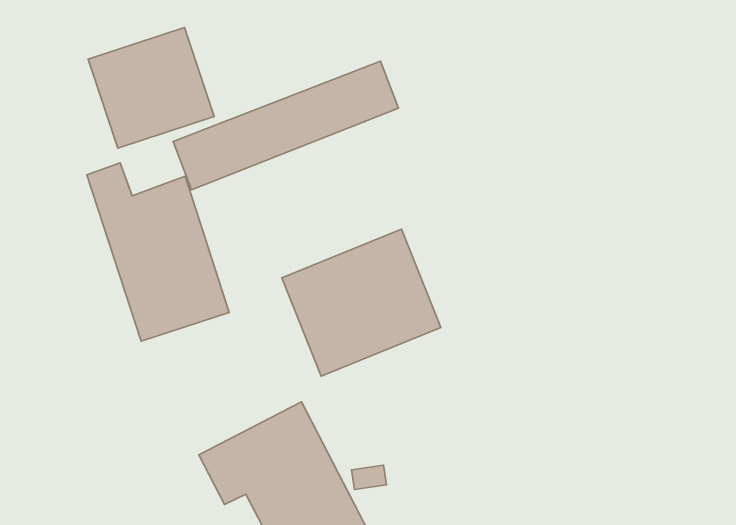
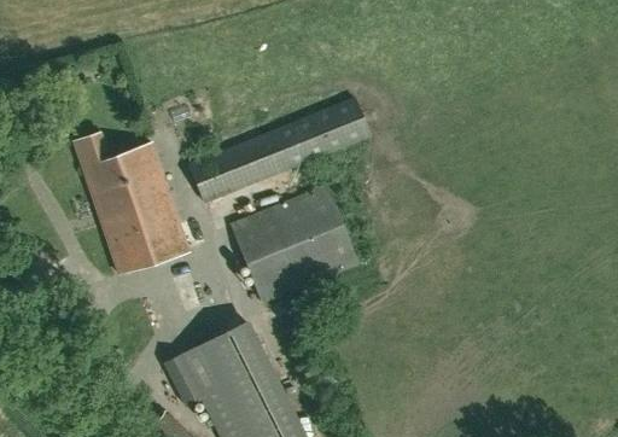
building: [88,28,214,148] -> none
building: [173,61,399,190] -> [190,99,369,202]

